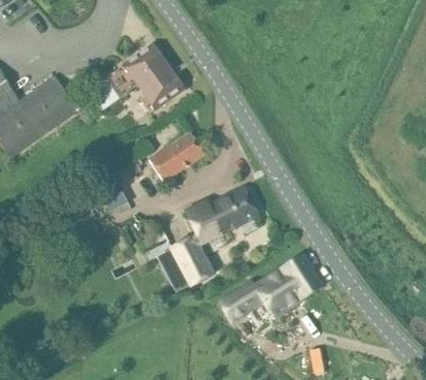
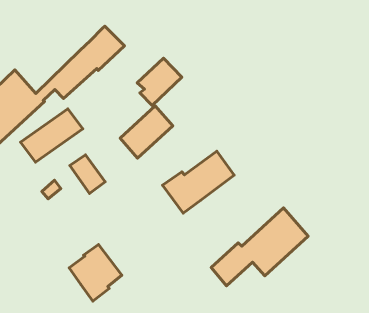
building: [138,66,184,112] -> [137,58,182,105]
building: none -> [21,109,83,162]
building: [157,236,208,292] -> [69,245,122,301]

